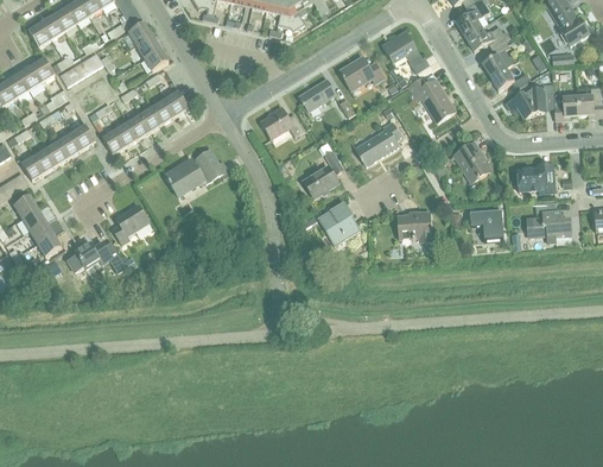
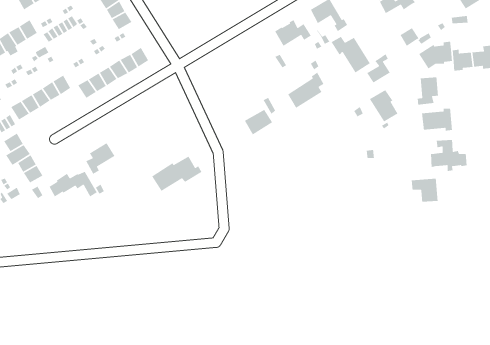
building: [481,39,510,76] -> [366,53,391,84]
building: [298,78,335,111] -> none
building: [260,107,303,138] -> none
building: none -> [417,77,439,106]
building: [164,150,226,194] -> [151,155,202,192]
building: [317,202,357,244] -> none
building: [469,210,502,240] -> [411,178,438,202]
building: [396,212,430,241] -> none

